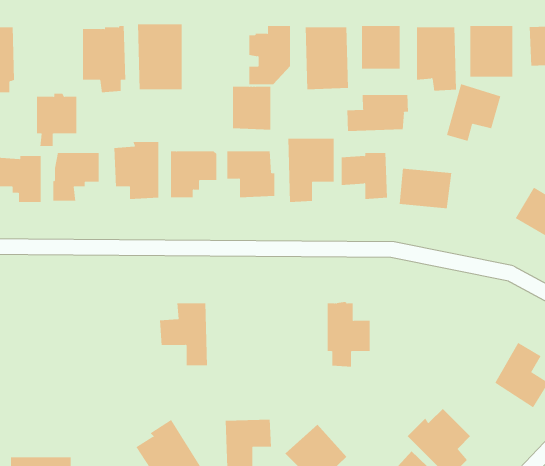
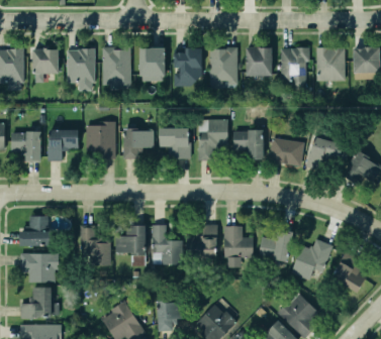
building: [446,84,501,142] -> [306,136,342,174]
building: [232,86,271,130] -> [139,47,165,76]
building: [36,93,77,146] -> [32,47,59,82]
building: [347,94,408,132] -> none
building: none -> [21,216,52,247]
building: none -> [187,224,217,256]
building: none -> [152,225,182,264]
building: none -> [82,226,112,266]
building: none -> [259,229,293,262]
building: none -> [291,239,332,279]
building: none -> [21,253,58,282]
building: none -> [21,288,61,318]

